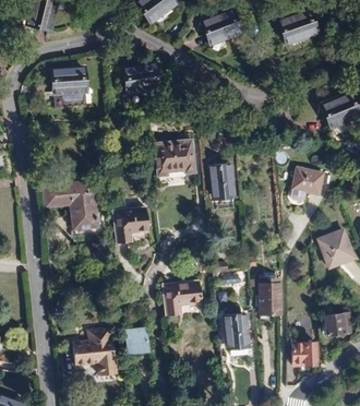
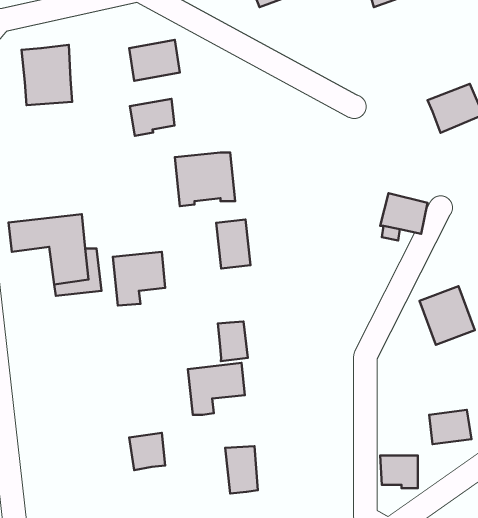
building: none -> [130,99,174,136]
building: [211,165,233,198] -> [216,219,250,268]
building: none -> [218,322,248,361]
building: [260,284,281,314] -> none
building: [226,317,248,348] -> [225,446,258,494]
building: [73,327,117,375] -> none

